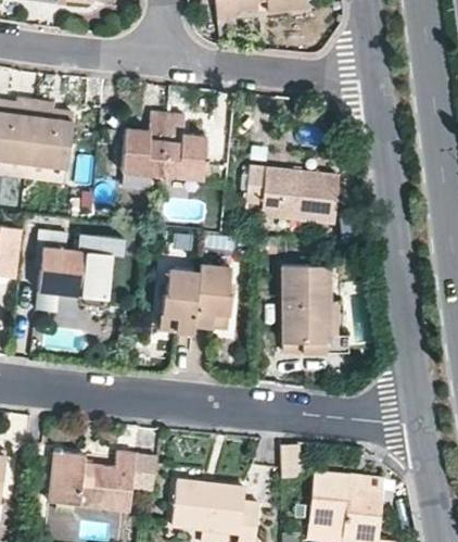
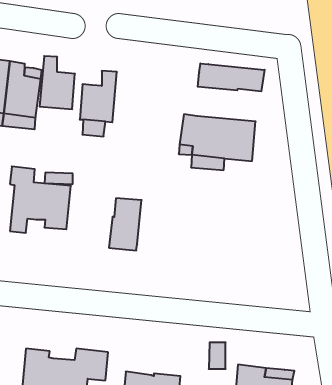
building: none -> [198,63,265,91]
building: [162,113,205,178] -> [40,56,75,109]
building: [192,264,230,327] -> none
building: [281,264,347,354] -> none

